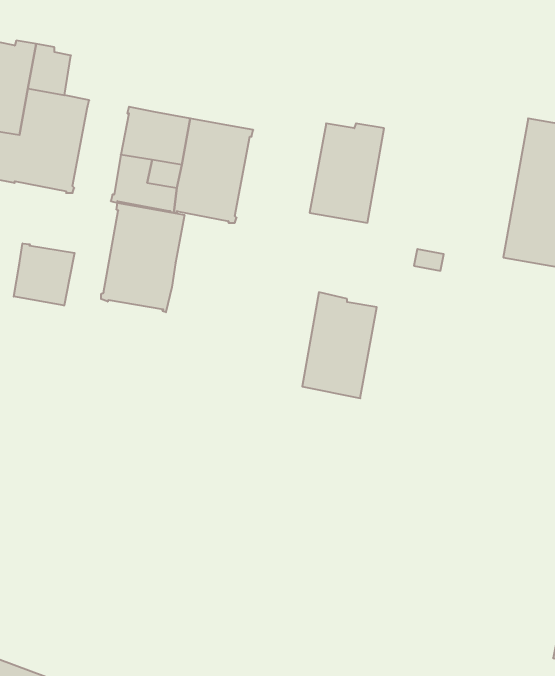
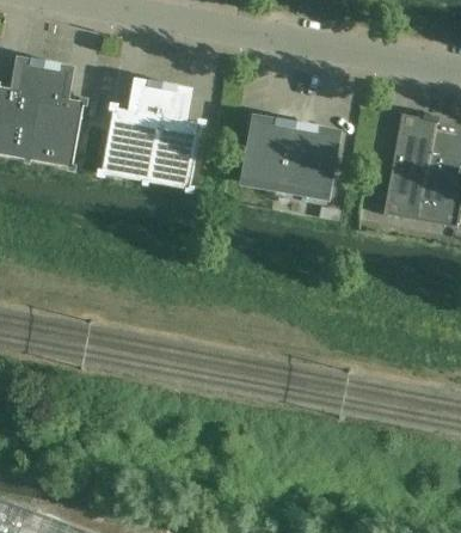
building: none -> [130,81,188,121]
building: [101,203,184,312] -> none
building: [14,243,75,306] -> none
building: [302,292,377,398] -> [284,123,338,200]

